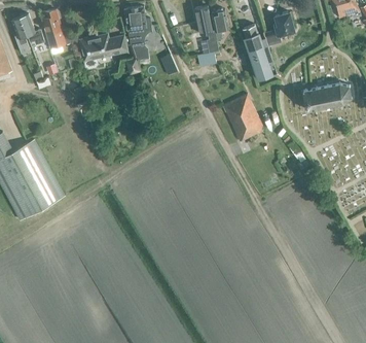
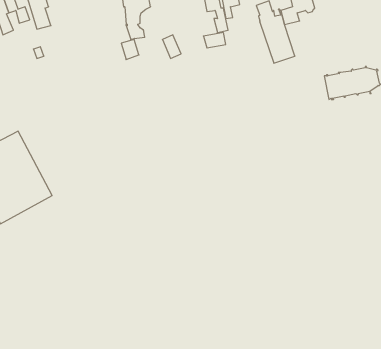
building: [81,35,126,69] -> none
building: [223,94,264,141] -> none

